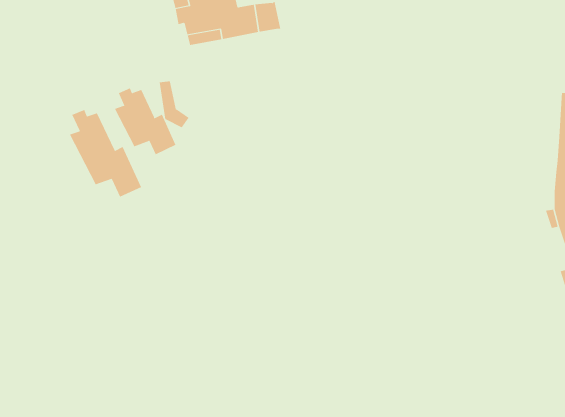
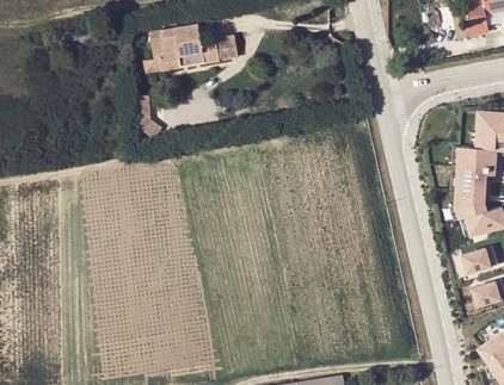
building: [114,87,176,155] -> none
building: [69,109,142,198] -> none

